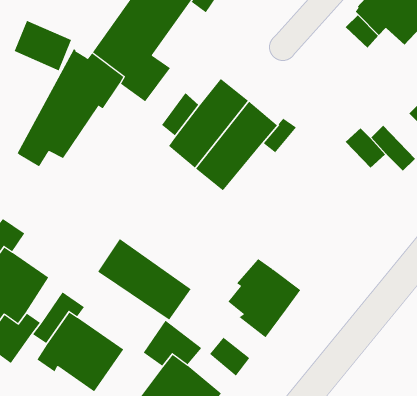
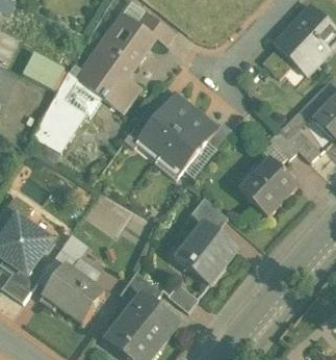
building: none -> [239,160,296,214]
building: none -> [189,196,227,232]
building: [97,238,191,321] -> none

